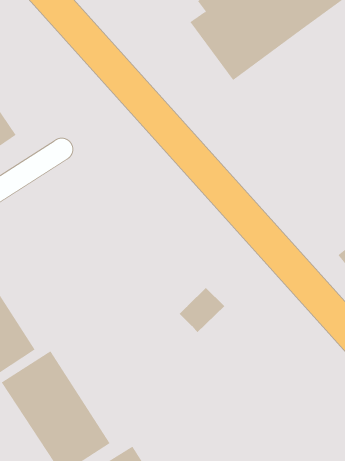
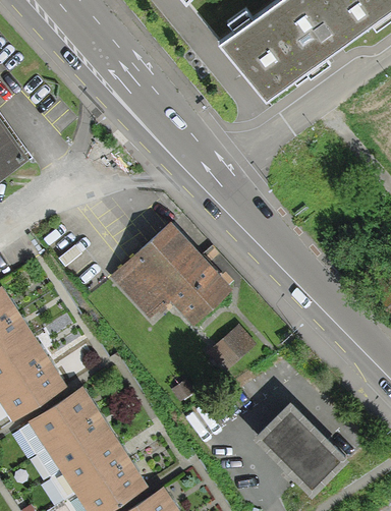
building: none -> [111,215,235,318]
building: none -> [259,399,351,493]

